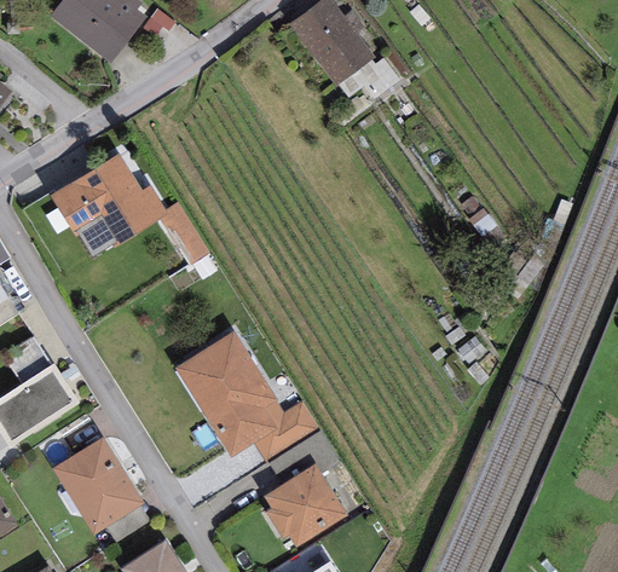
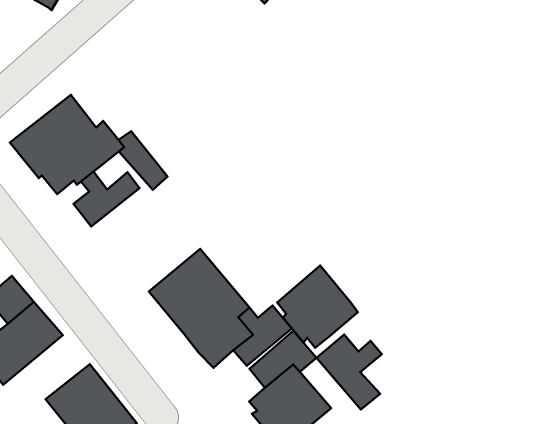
building: none -> [73,172,139,227]
building: none -> [277,266,358,348]
building: none -> [317,335,382,409]

